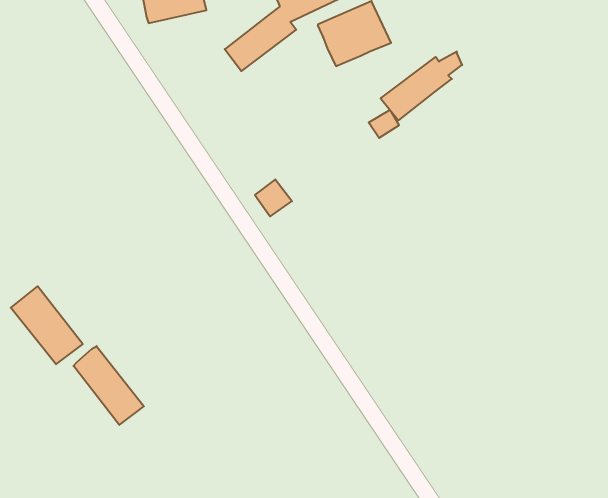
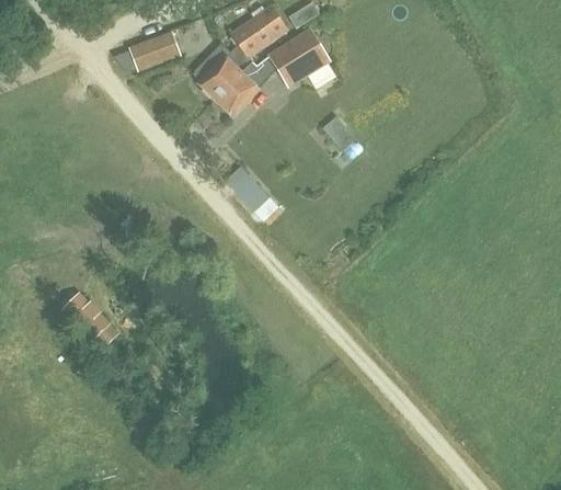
building: [381,52,462,120] -> [215,55,275,115]
building: [73,346,144,425] -> none

